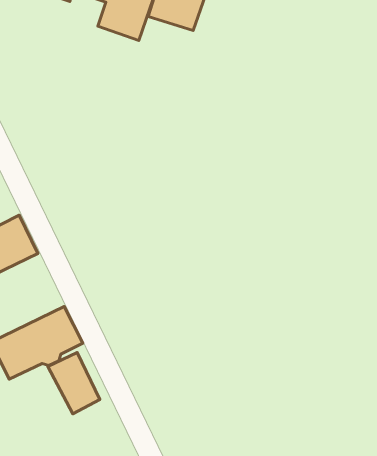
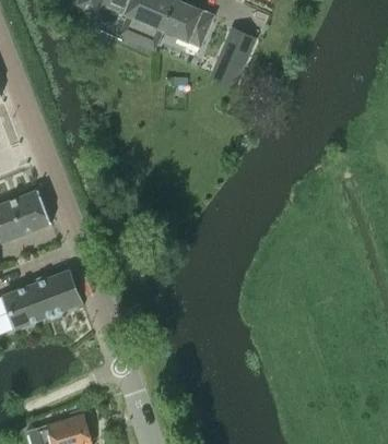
building: none -> [215,28,254,71]
building: [48,352,100,414] -> none

